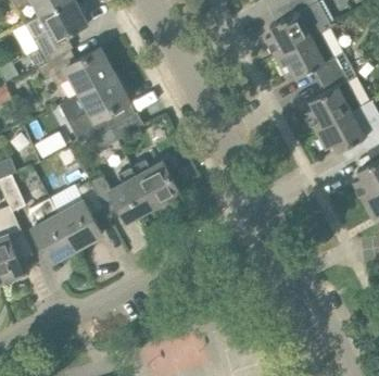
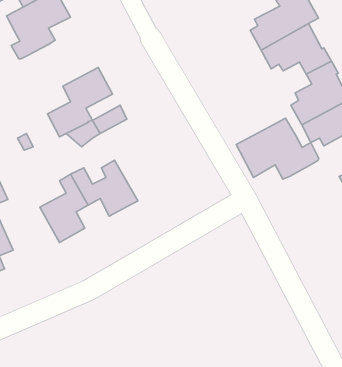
building: [39,48,115,93] -> none
building: none -> [236,118,319,179]
building: [131,159,180,206] -> none
building: [31,213,77,262] -> none

